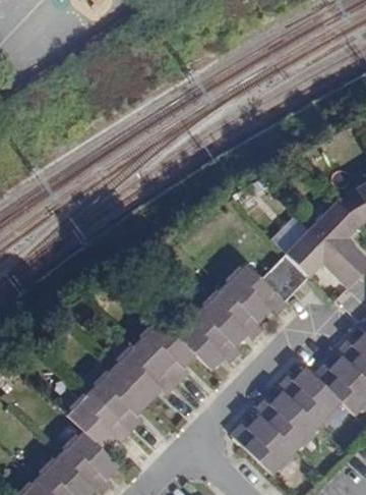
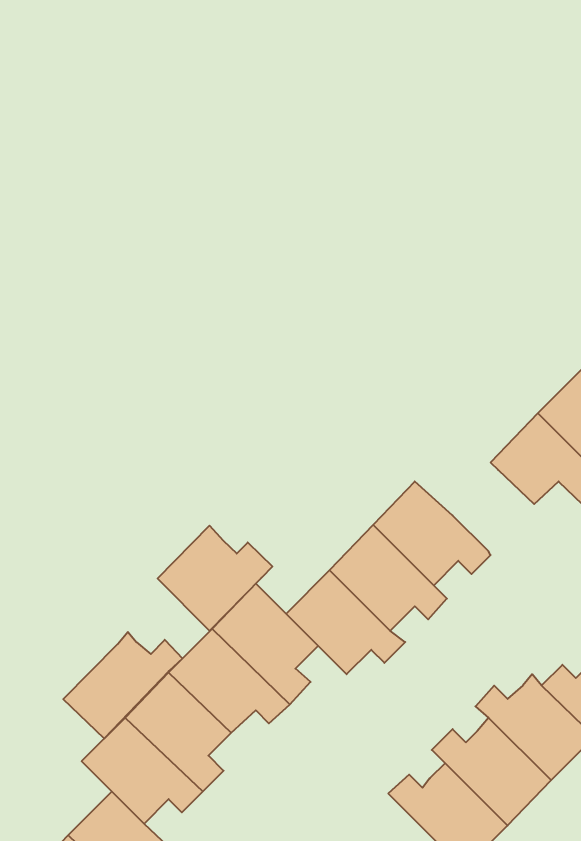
building: [264,259,308,302] -> none
building: none -> [158,526,272,631]
building: none -> [63,632,182,738]

